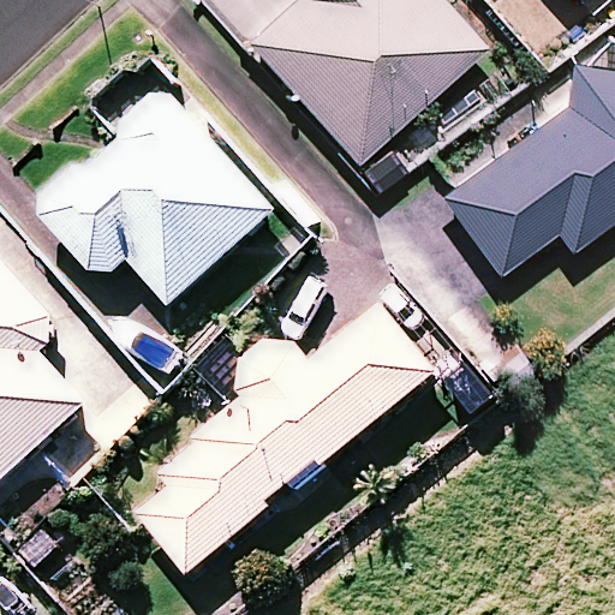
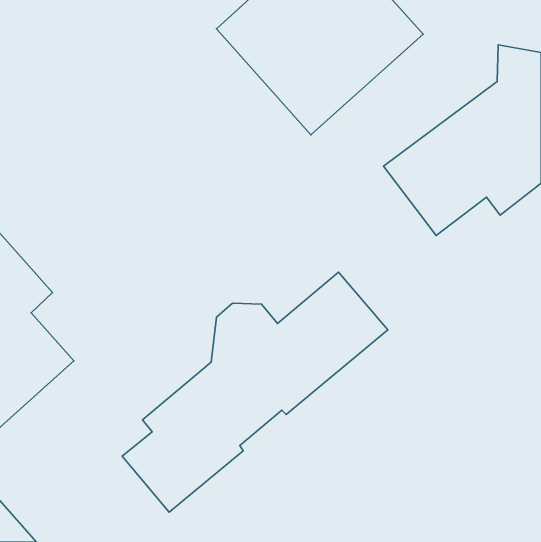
building: [36,89,275,303] -> none

